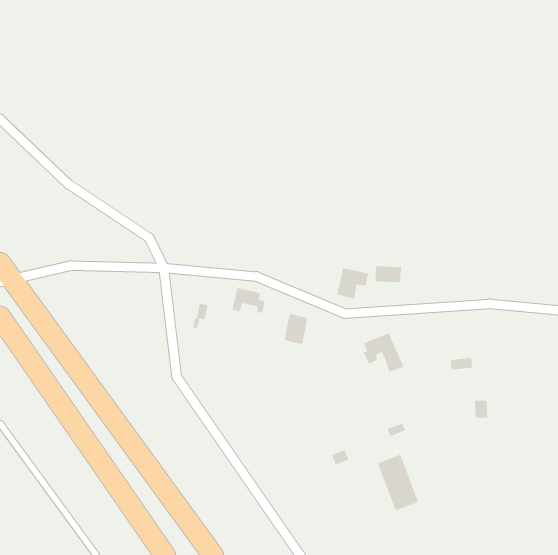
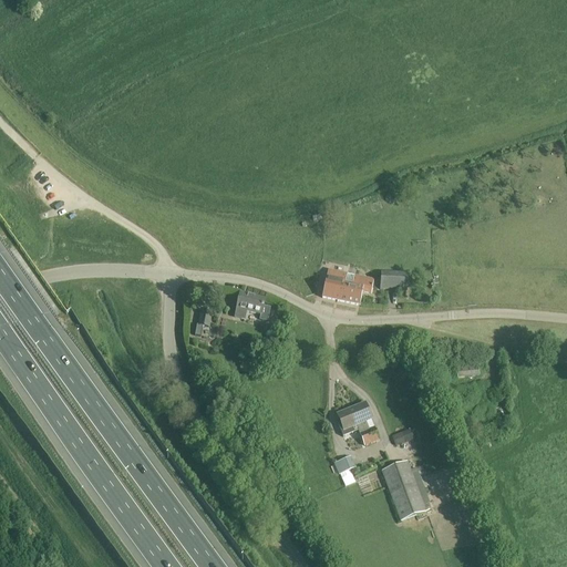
building: [284,313,308,345] -> [322,267,347,299]
building: [363,332,404,374] -> [338,401,380,443]

